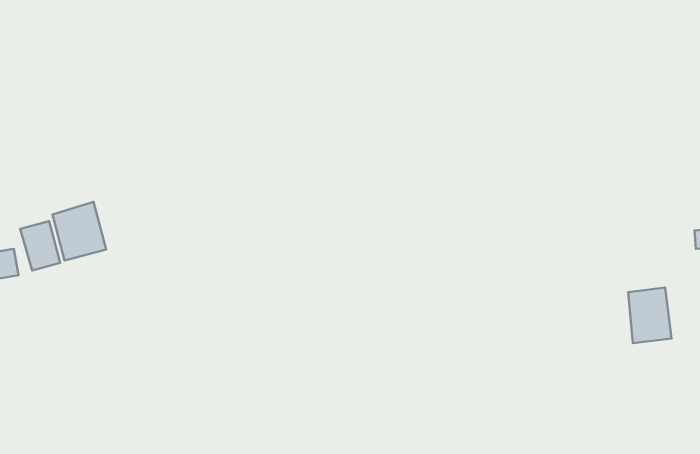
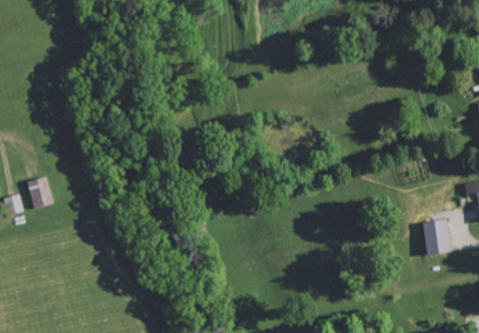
building: [53,202,106,260] -> none

